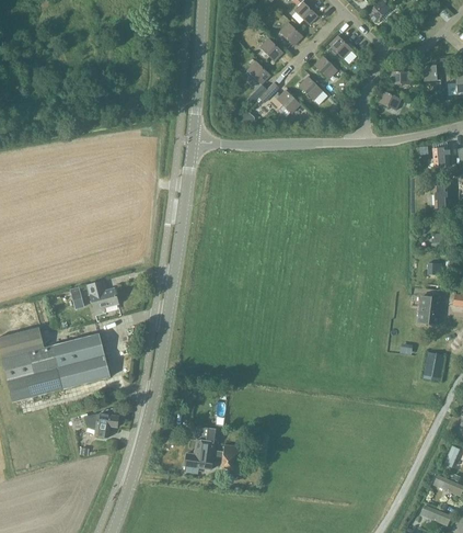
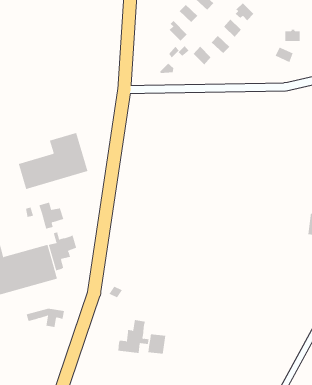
building: none -> [18,132,88,190]
building: none -> [48,232,77,271]

